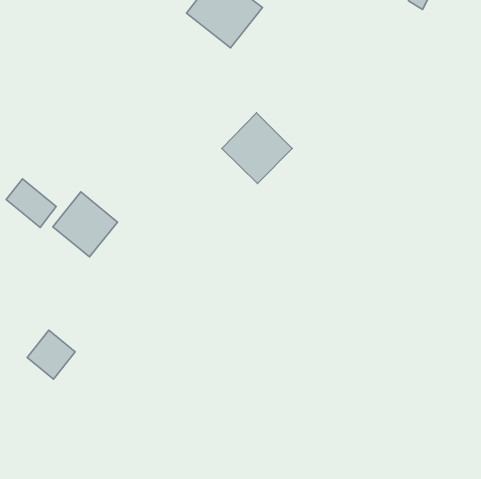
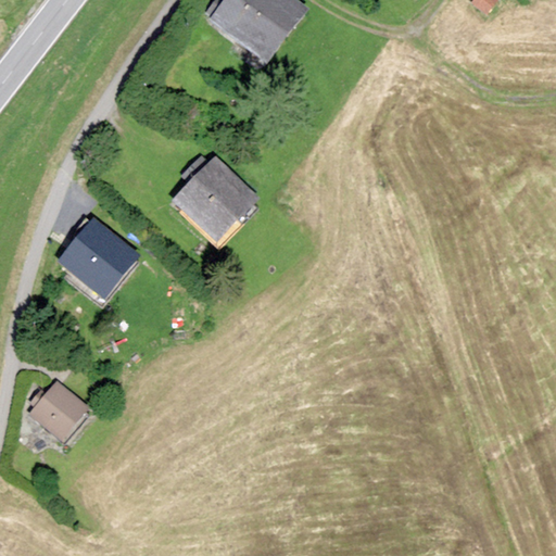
building: [222,113,292,183] -> [175,159,256,240]
building: [6,179,56,227] -> none

